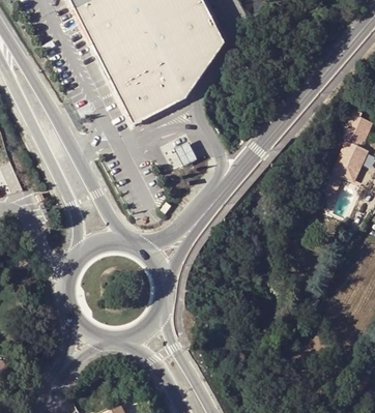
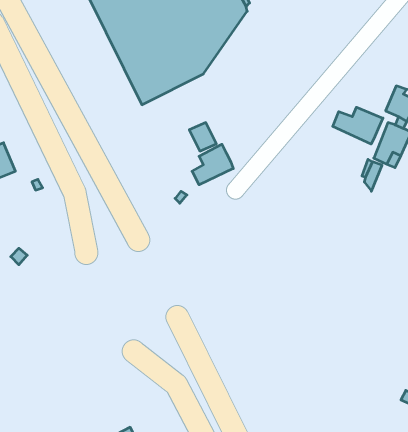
building: none -> [333,107,383,144]
building: none -> [192,144,233,185]

